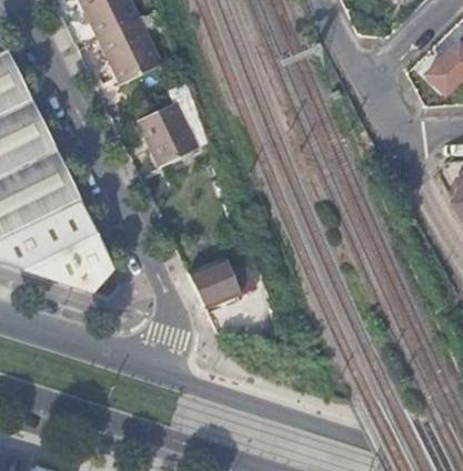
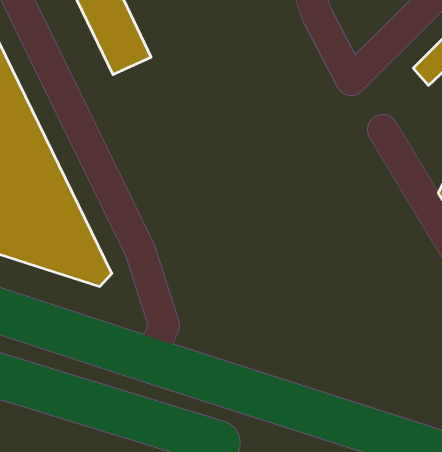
building: [138,103,195,163] -> none
building: [187,250,242,306] -> none

